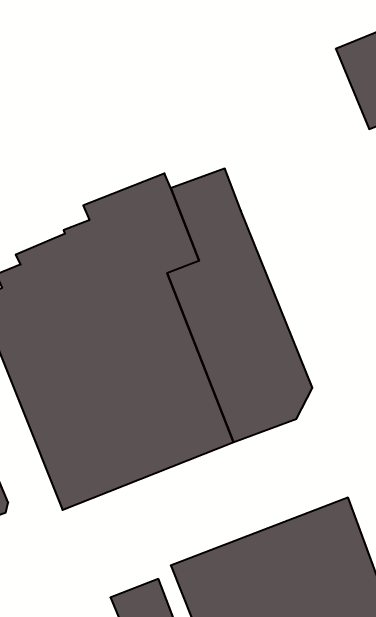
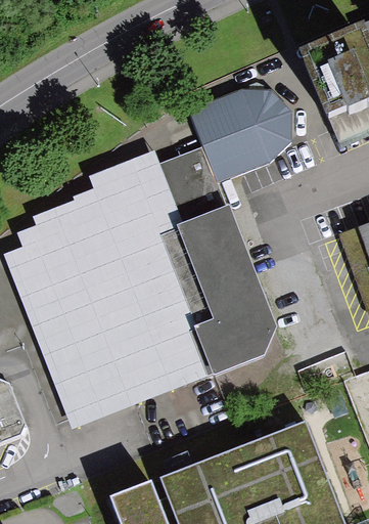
building: none -> [189,90,294,181]

